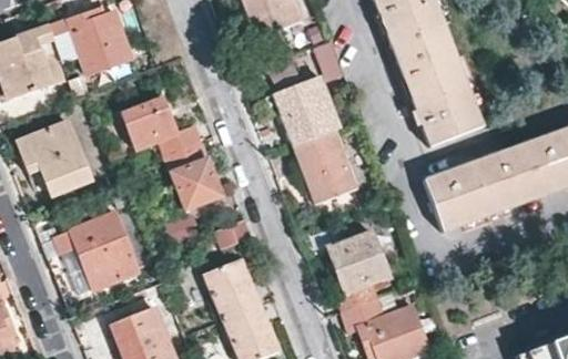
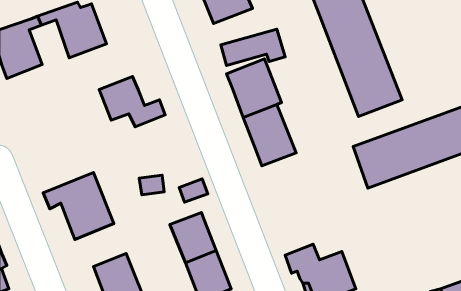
building: [16,122,91,196] -> none
building: [164,142,221,209] -> none
building: [327,232,389,309] -> none

